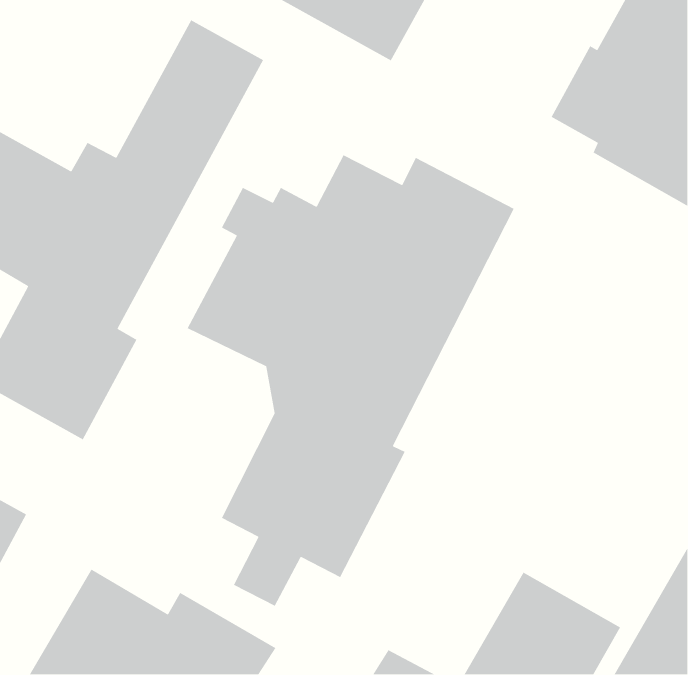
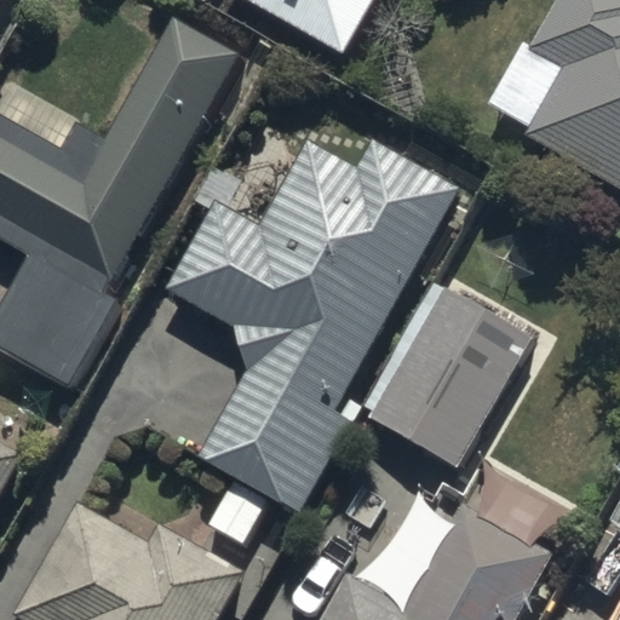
building: none -> [369,285,534,467]

